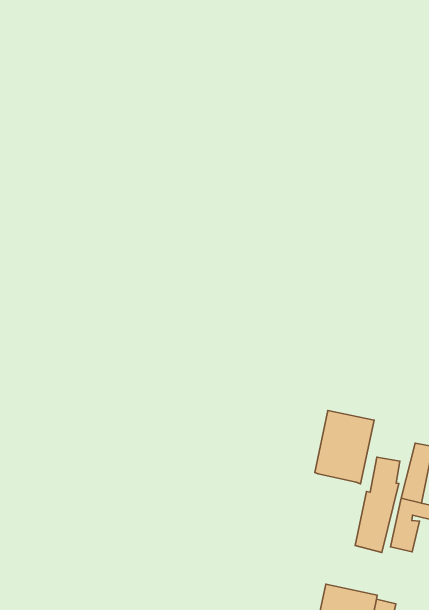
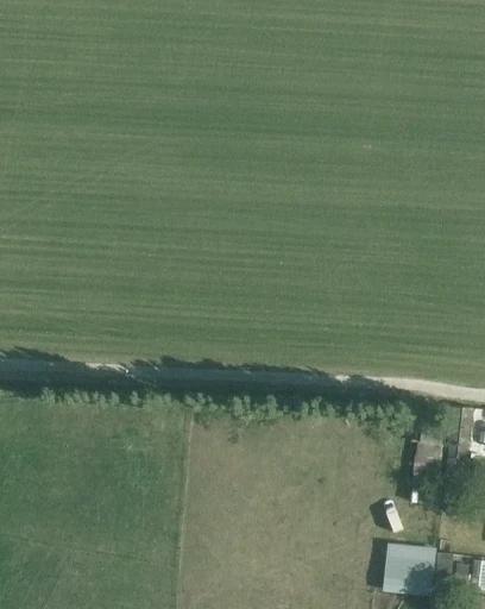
building: [315,410,374,484] -> none

